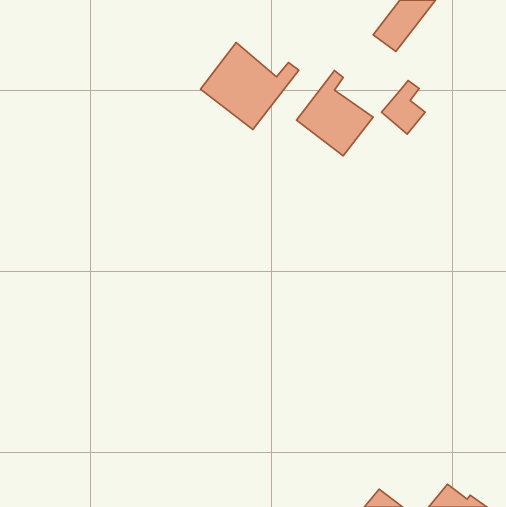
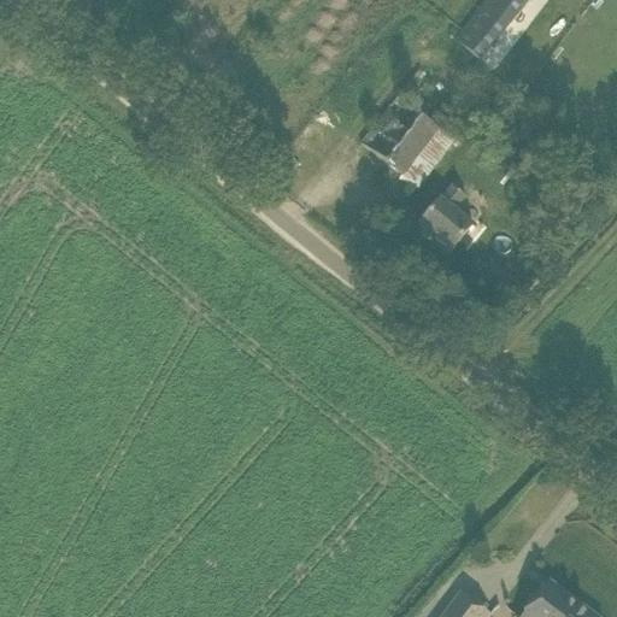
building: [200,43,299,129] -> none
building: [381,81,425,134] -> [418,188,471,253]

